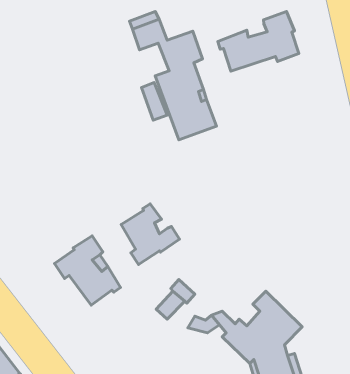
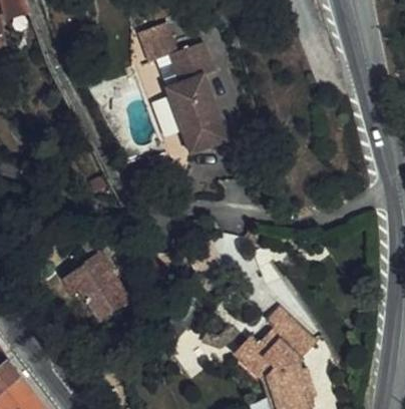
building: [218,11,299,71] -> none
building: [121,204,179,264] -> none

